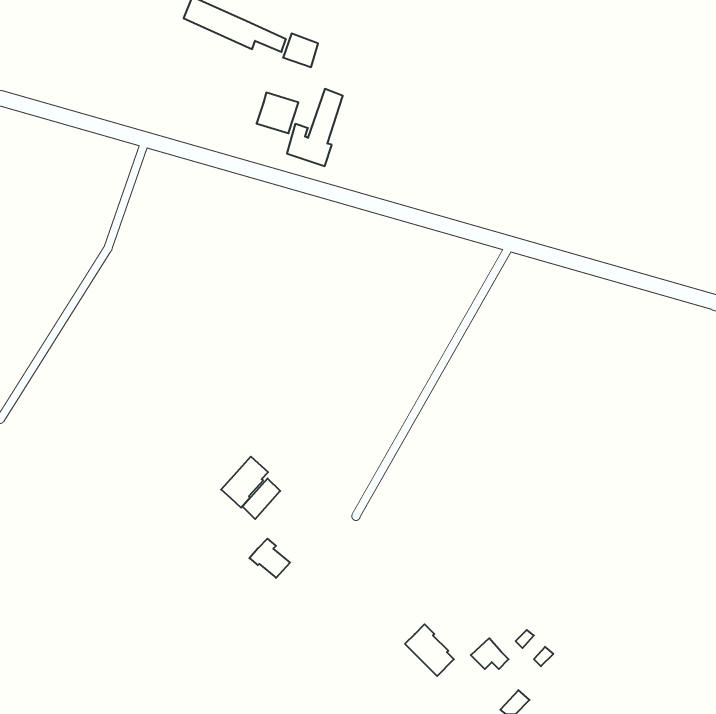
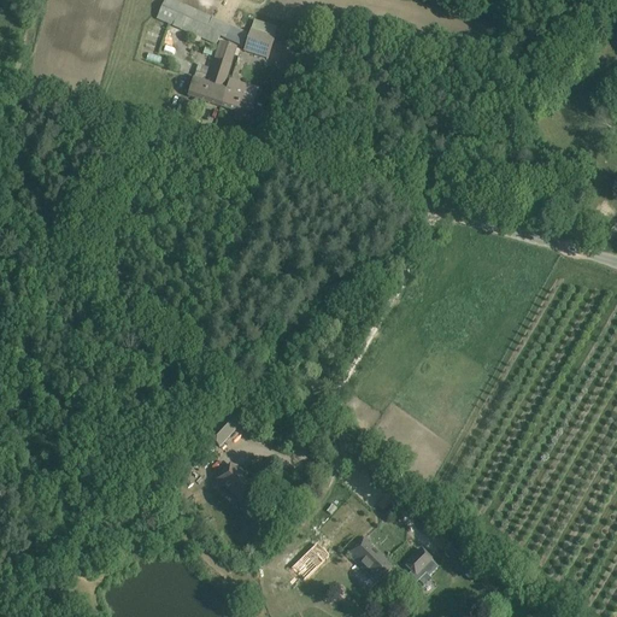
building: [287,89,343,166] -> [188,40,236,106]
building: [221,457,268,508] -> none
building: none -> [292,542,329,580]

